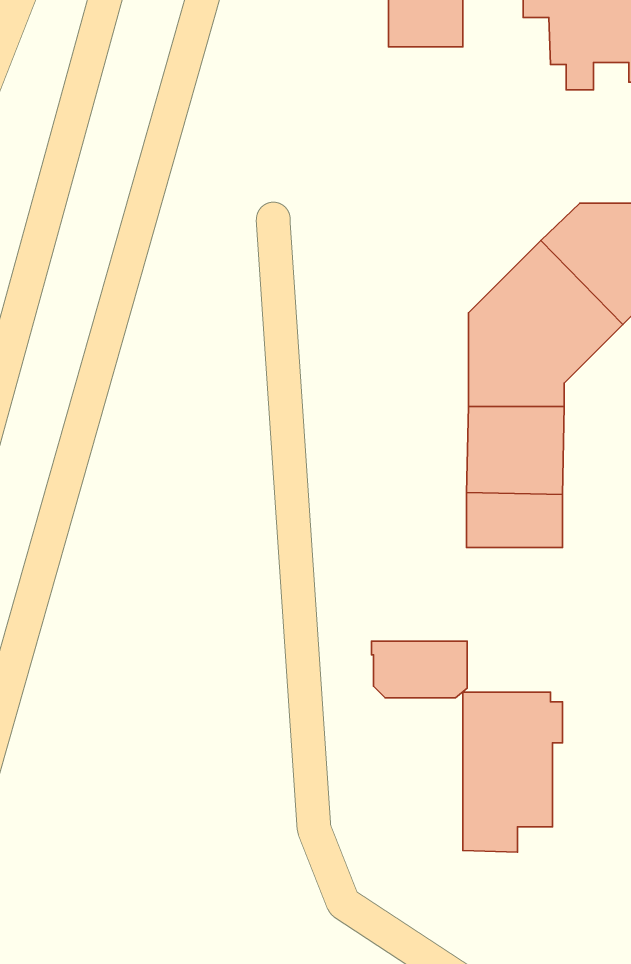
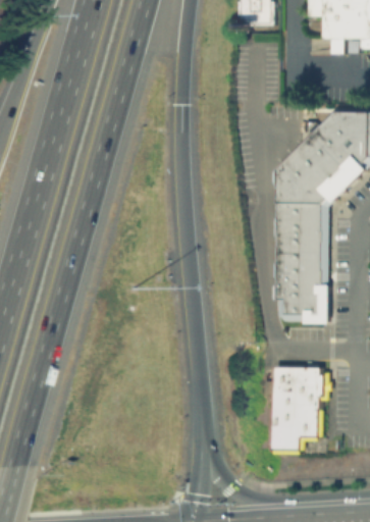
building: [372,641,467,698] -> [277,291,327,320]

